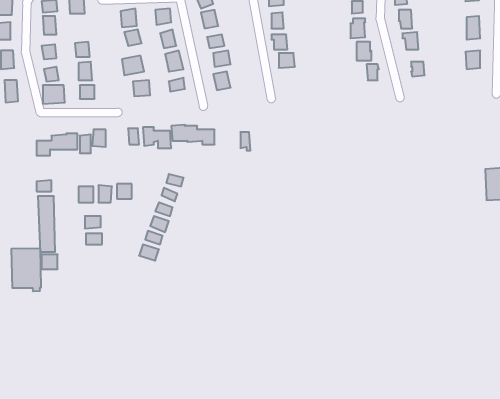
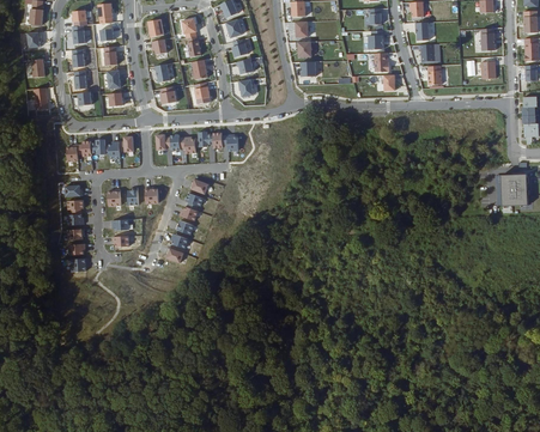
building: [12,248,41,291] -> none

